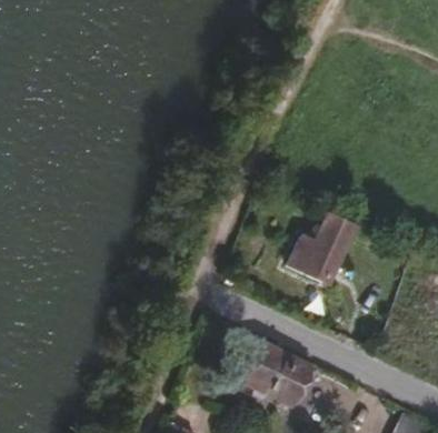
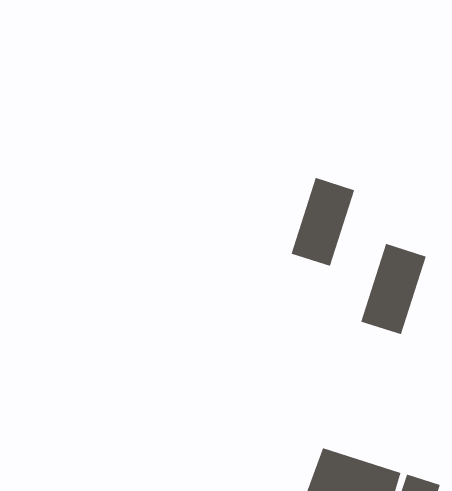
building: none -> [290,177,355,267]

